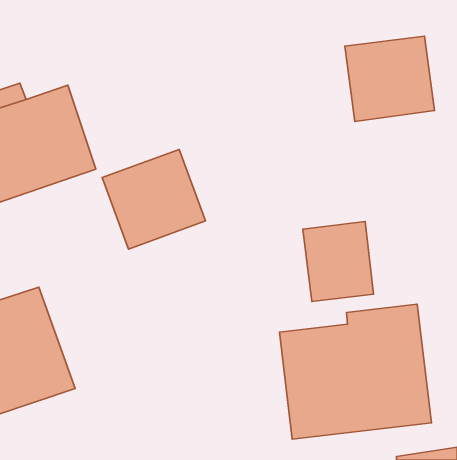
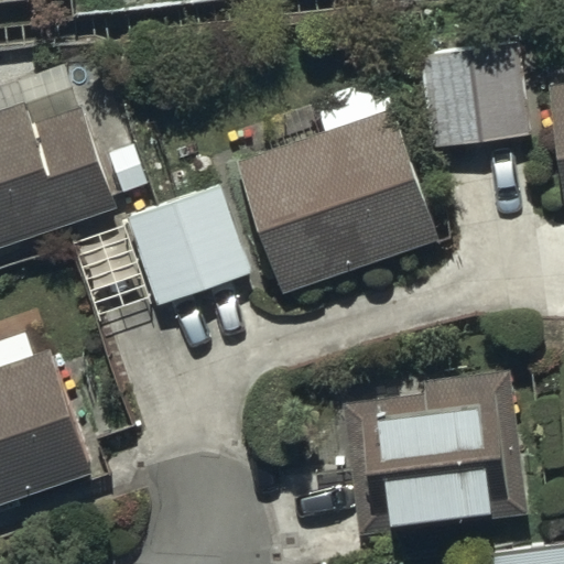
building: none -> [237,110,437,292]
building: [303,222,373,301] -> none

